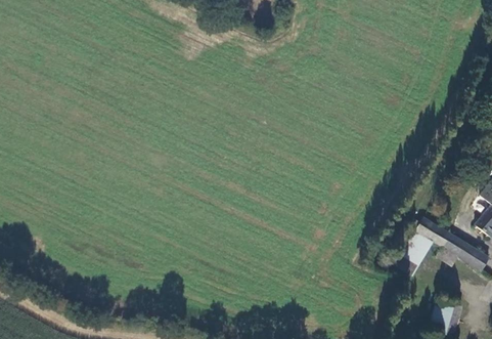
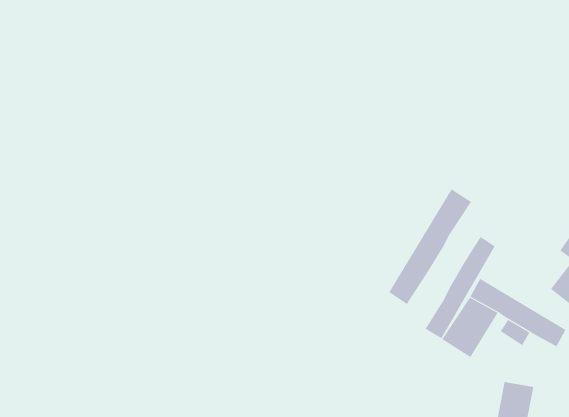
building: none -> [389,188,472,305]
building: none -> [425,236,495,339]

